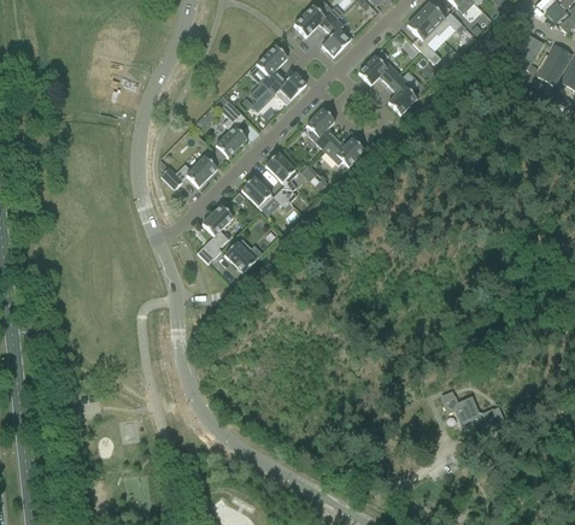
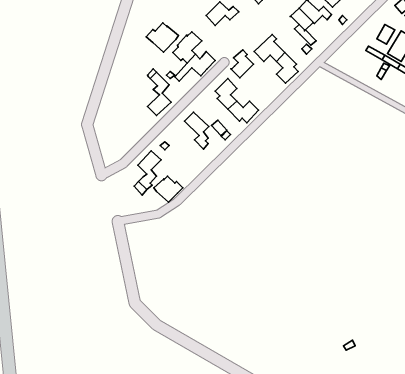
building: [322,18,352,55] -> [231,50,253,78]
building: none -> [146,23,179,52]
building: [160,155,217,188] -> none
building: [241,176,291,208] -> none
building: [444,395,499,429] -> none

